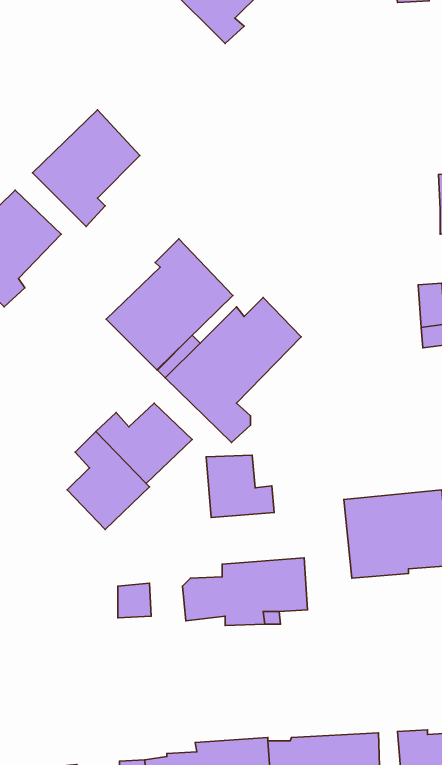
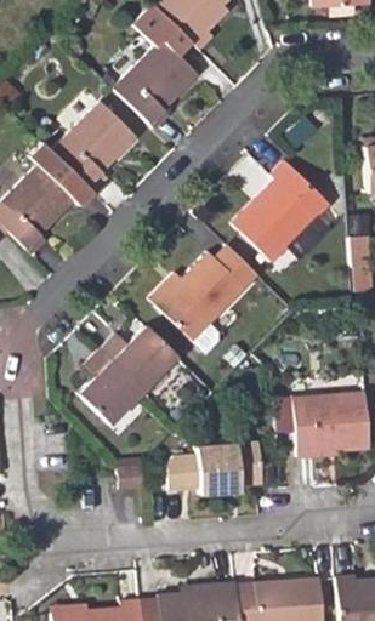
building: none -> [113,39,198,129]
building: [106,239,233,370] -> [232,161,329,262]
building: [206,455,274,517] -> none

